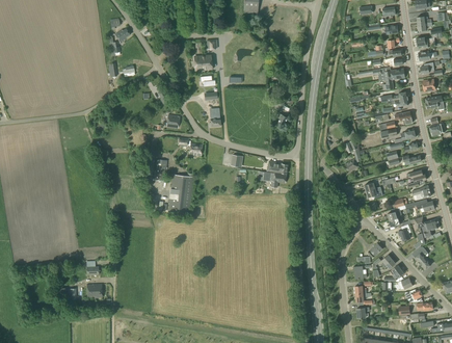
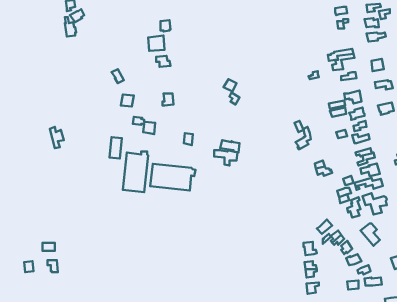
building: none -> [150,164,196,191]

